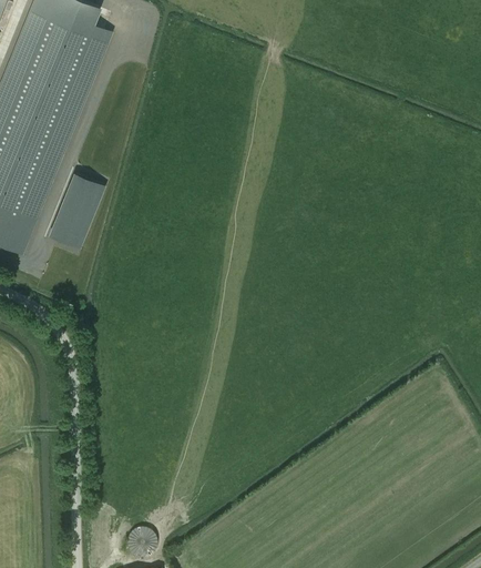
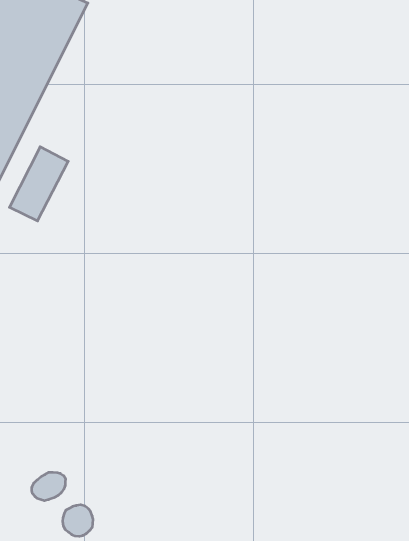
building: none -> [32,472,65,501]

